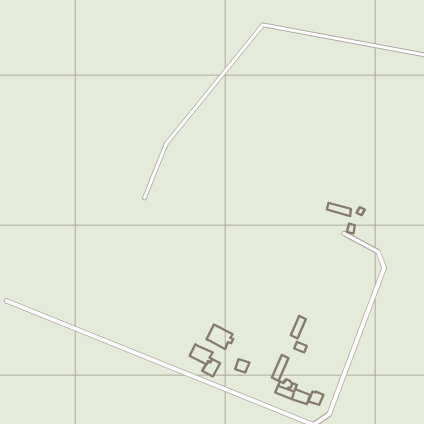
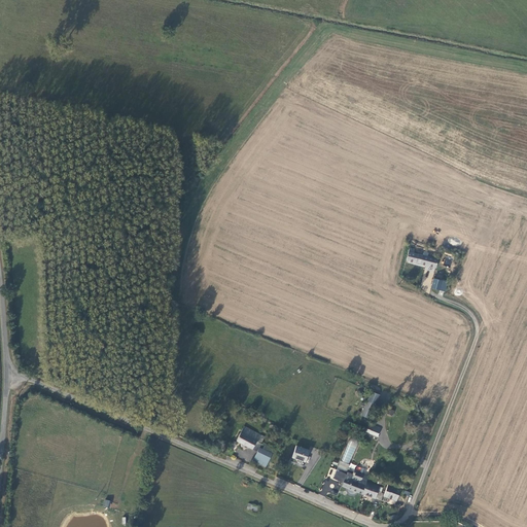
building: [206,325,233,349] -> none

